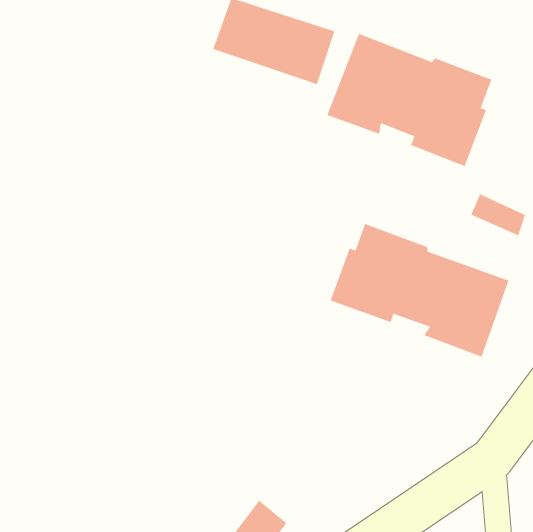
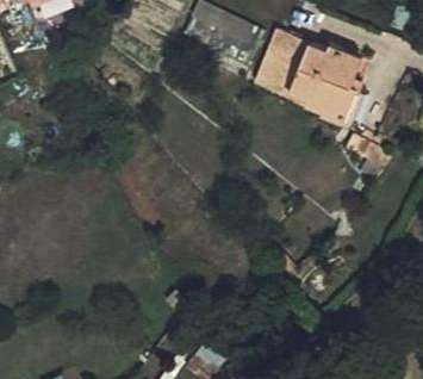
building: [330,223,509,358] -> none

